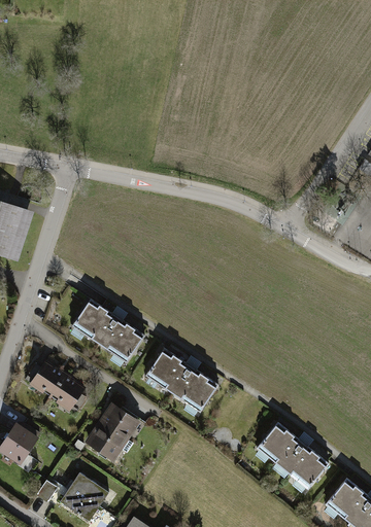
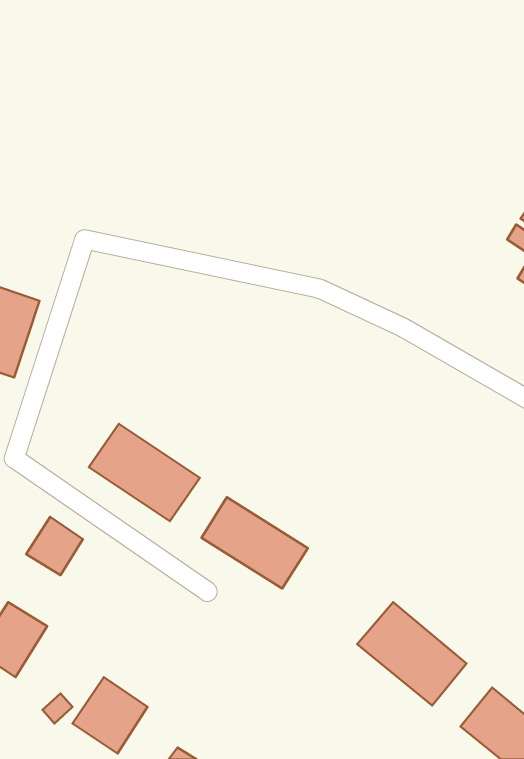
building: [49,375,88,414] -> none
building: [82,399,142,463] -> none

